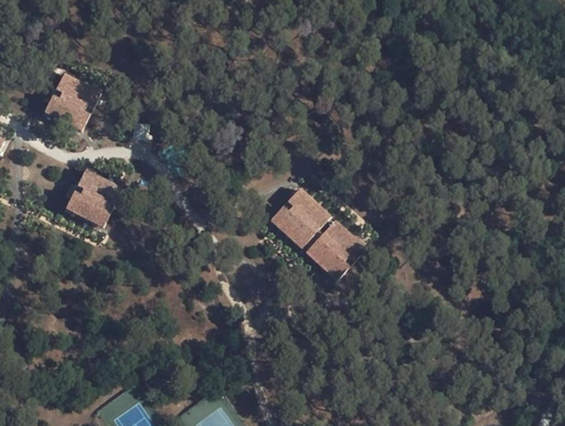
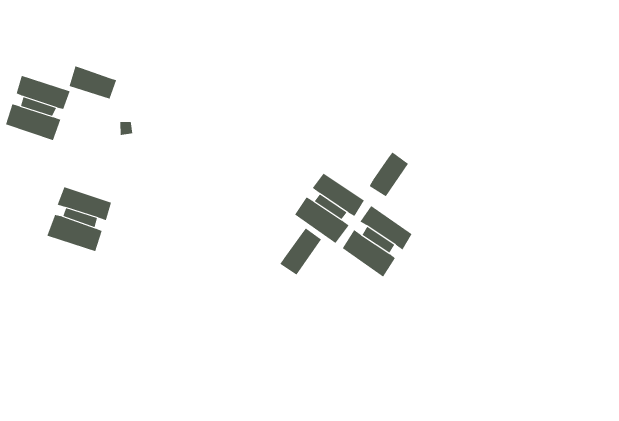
building: none -> [69,66,117,100]
building: none -> [369,152,409,197]
building: none -> [279,227,322,275]

